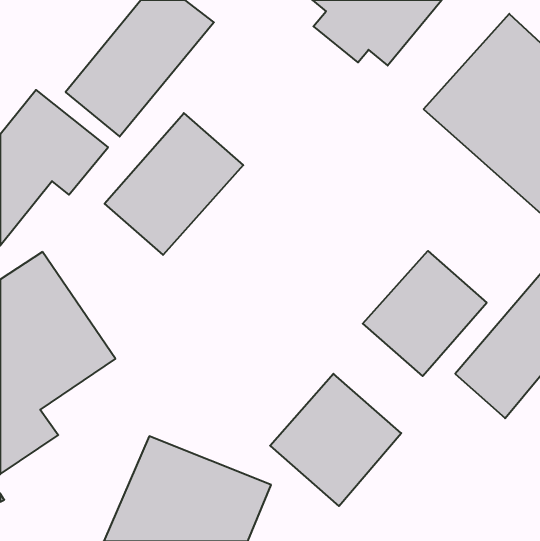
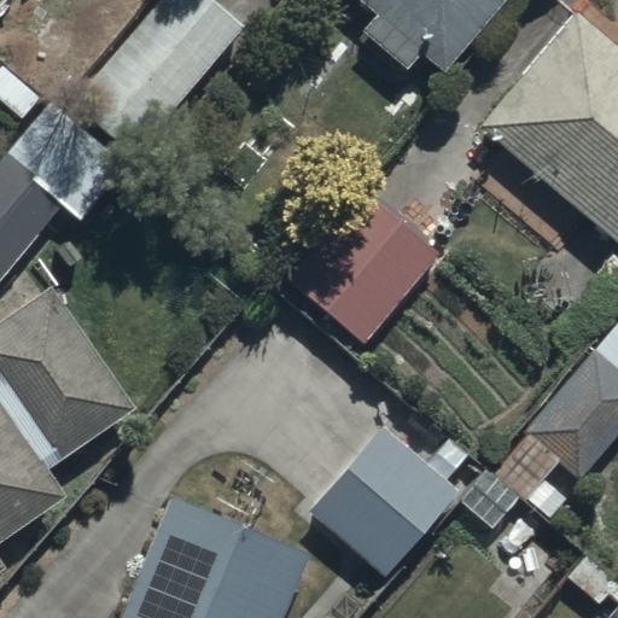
building: [105,113,243,255] -> none
building: none -> [282,188,439,345]
building: [363,251,487,376] -> none

